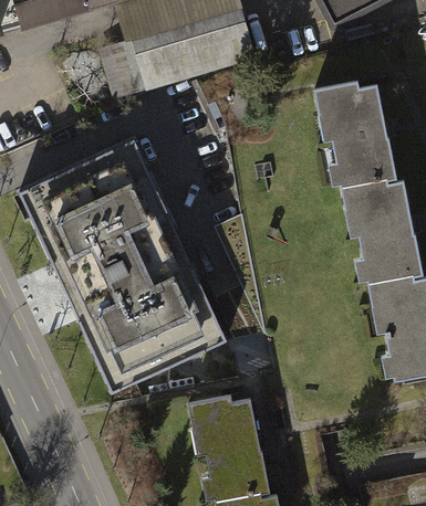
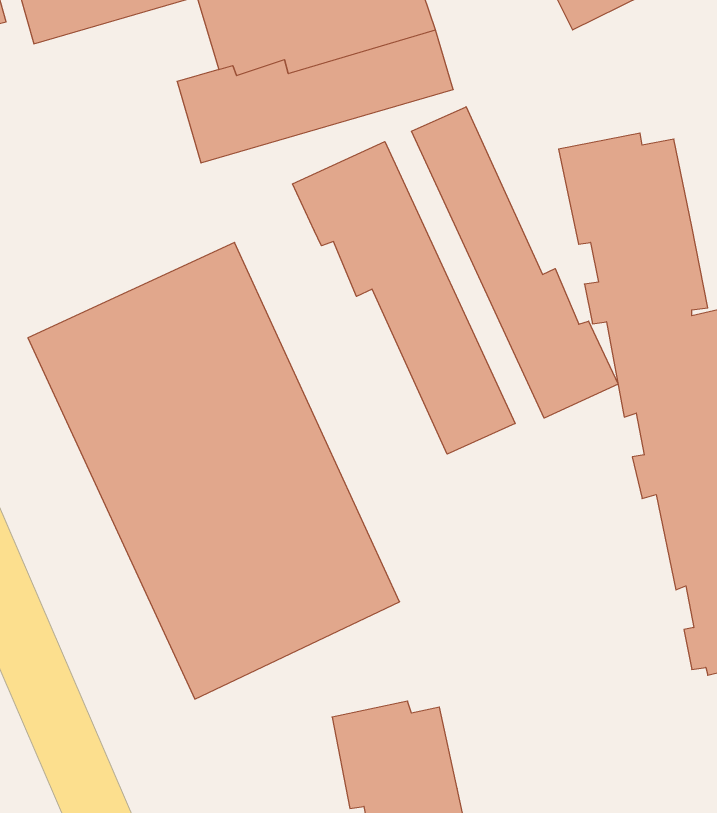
building: none -> [412,107,618,418]
building: none -> [293,142,515,454]

